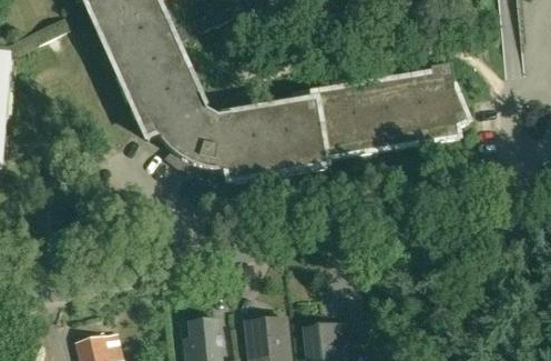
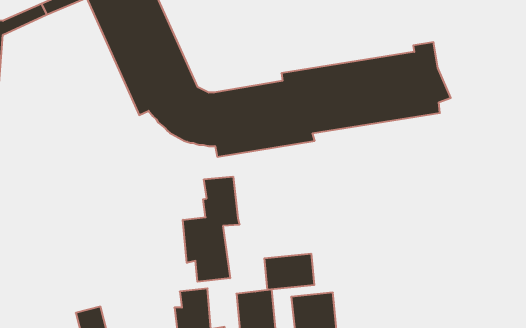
building: none -> [183,177,239,282]
building: none -> [264,254,314,290]

